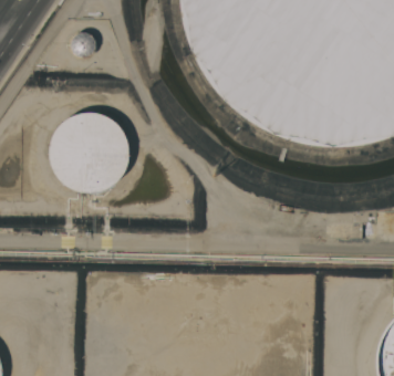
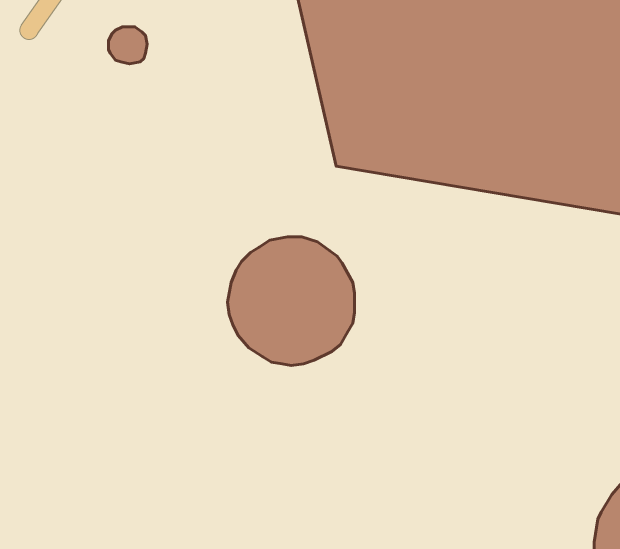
building: [50,113,129,194] -> [227,237,355,366]

